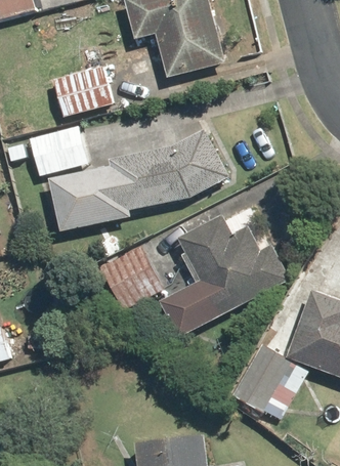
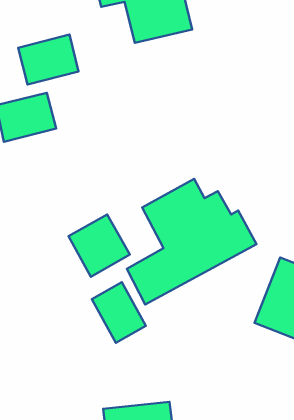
building: [50,127,232,230] -> none
building: none -> [92,282,146,343]
building: [236,347,304,420] -> none

